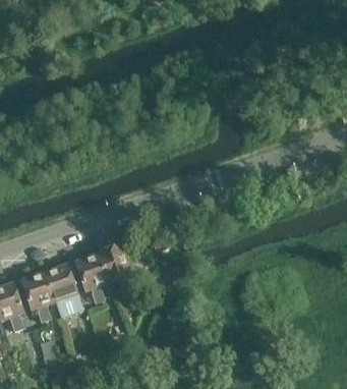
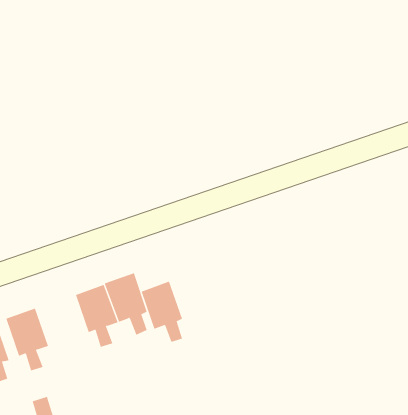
building: [45,263,77,311] -> [141,281,183,343]

